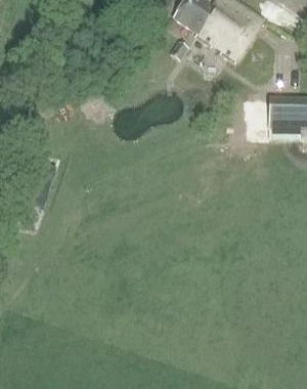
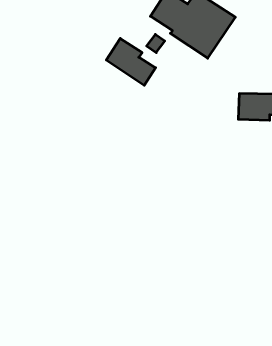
building: none -> [106,38,156,85]

